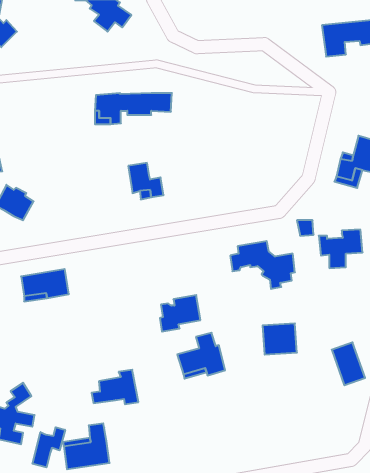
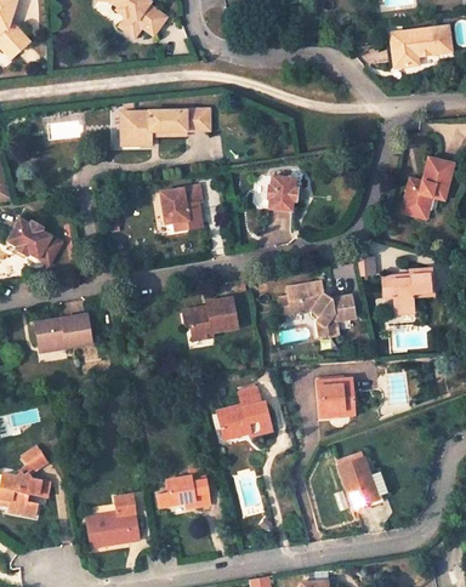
building: none -> [268,177,297,212]
building: [160,295,200,332] -> [188,298,235,341]
building: [332,342,365,385] -> [340,458,379,508]
building: [92,370,138,404] -> [159,466,214,506]
building: [32,427,65,467] -> none

